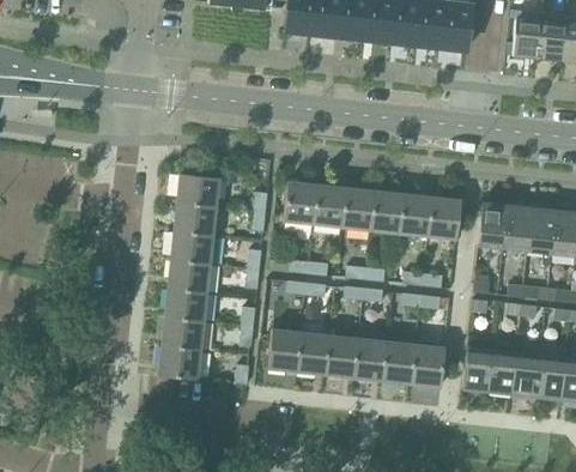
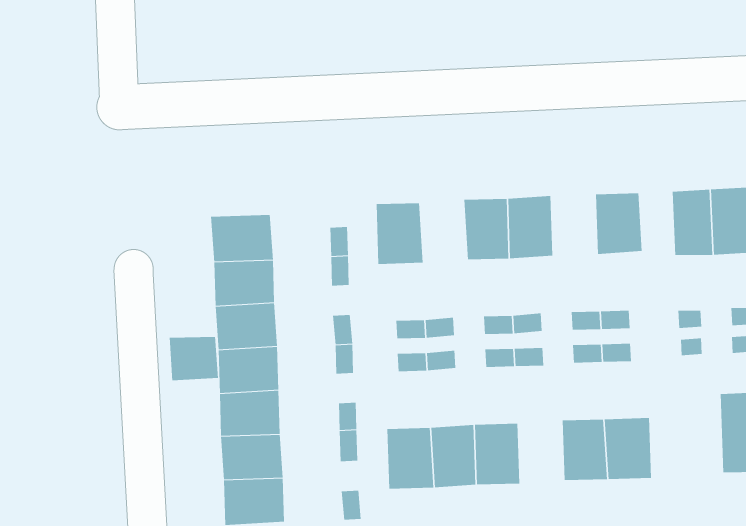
building: [314,184,346,226] -> none
building: [399,193,432,236] -> none
building: none -> [169,336,219,381]
building: [463,337,493,391] -> none
building: [354,338,388,380] -> none

